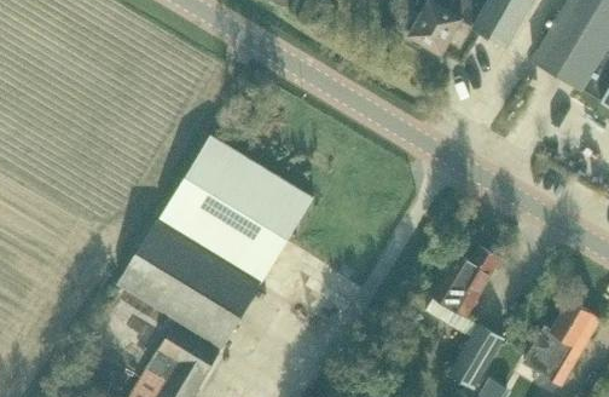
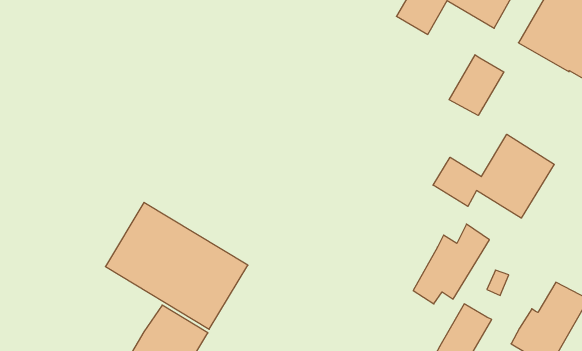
building: none -> [449,55,504,115]
building: [160,136,314,282] -> none
building: none -> [433,134,554,218]

